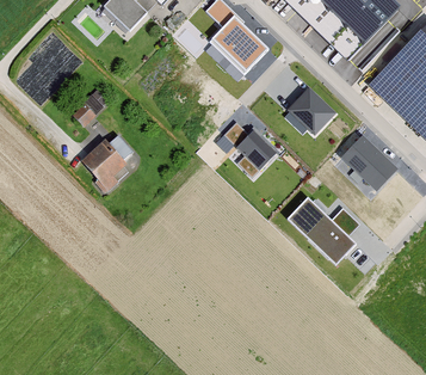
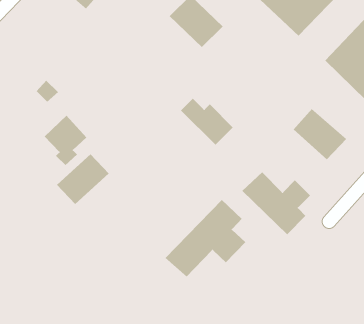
building: [289,92,334,137] -> none
building: none -> [56,153,110,205]
building: none -> [164,199,246,278]

